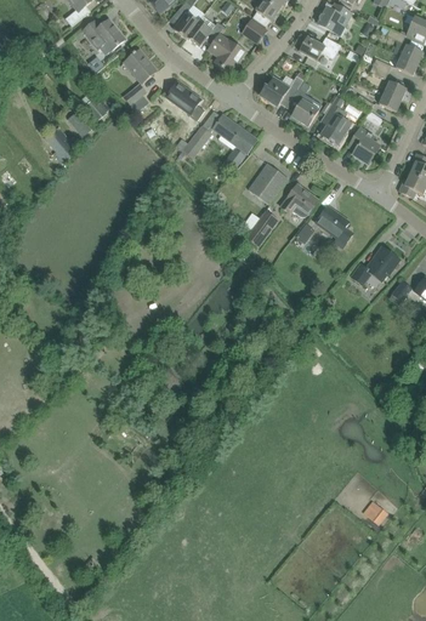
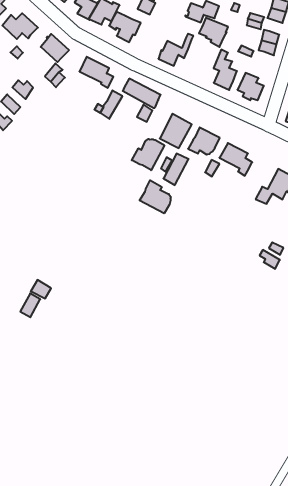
building: [285,90,320,126] -> [199,18,228,47]
building: none -> [132,139,164,170]
building: none -> [140,180,171,213]

